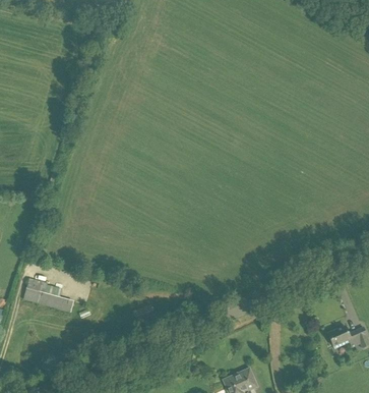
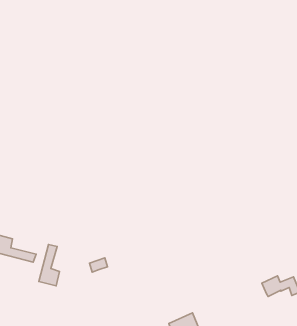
building: none -> [39,245,60,286]

